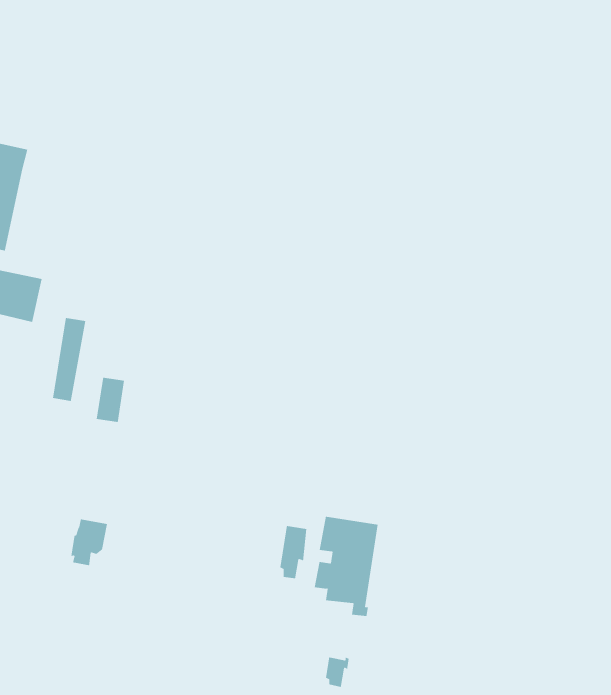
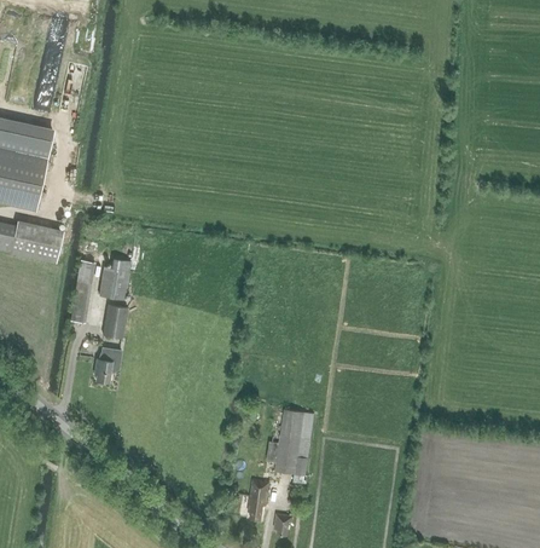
building: none -> [99,258,130,300]
building: [71,519,108,566] -> [94,346,122,381]
building: [280,526,307,579] -> [248,479,268,519]

